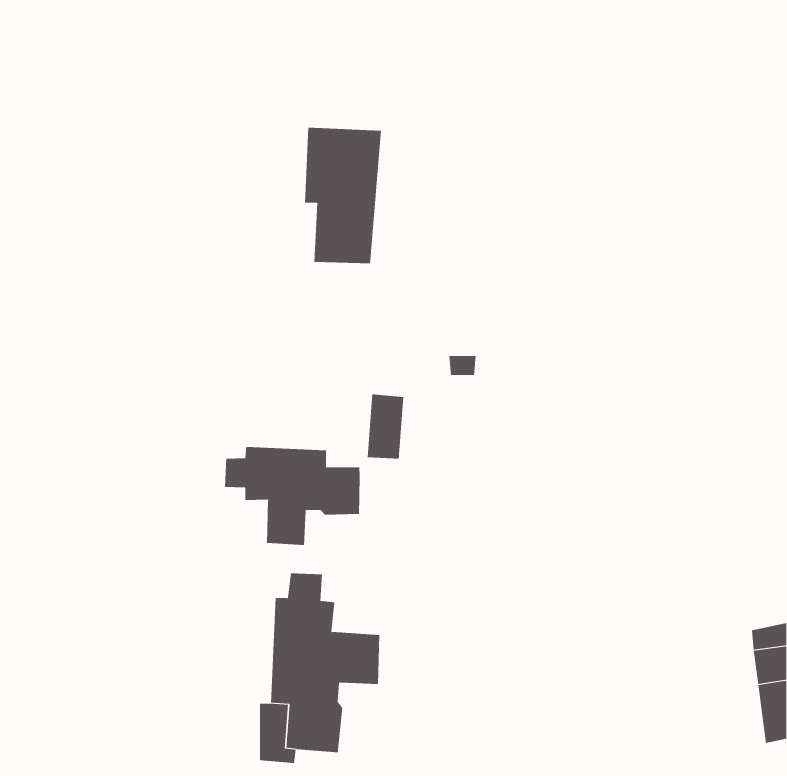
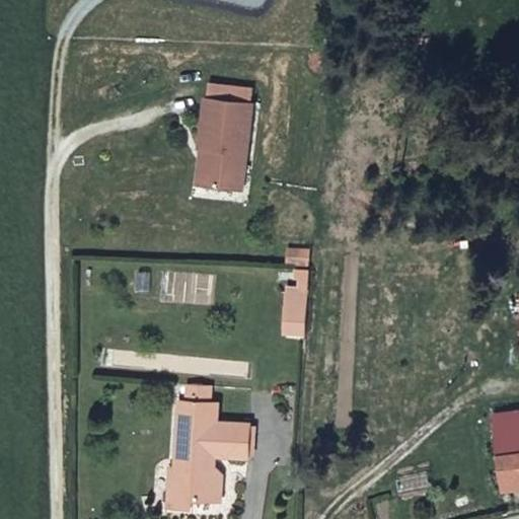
building: [367,394,404,459] -> [287,288,311,330]
building: [225,446,360,546] -> none

